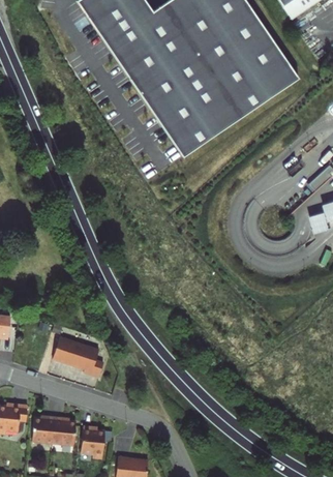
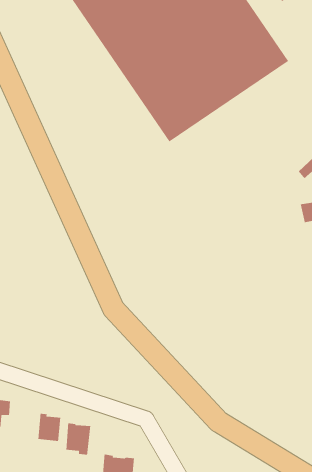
building: [53,338,103,377] -> none
building: [33,417,57,443] -> none

